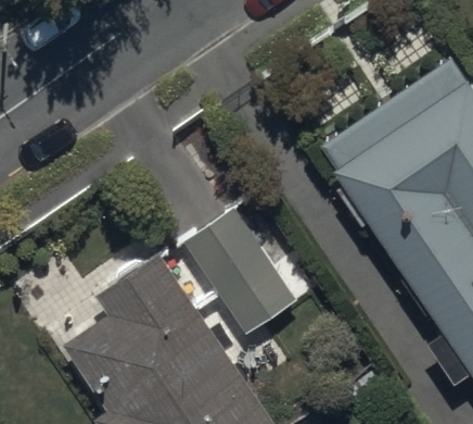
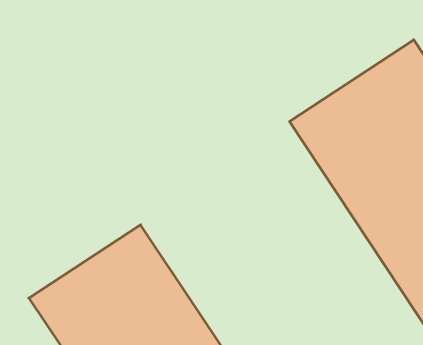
building: [179,198,306,341] -> none

